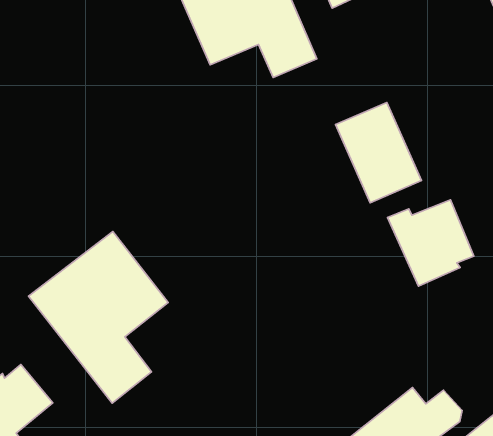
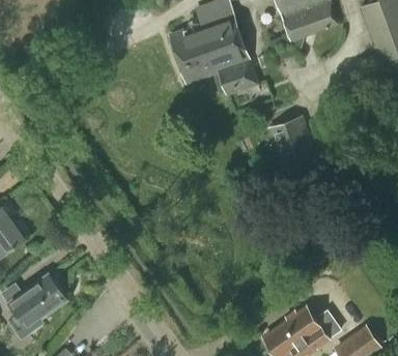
building: [387,200,474,286] -> none
building: [29,232,168,403] -> none

